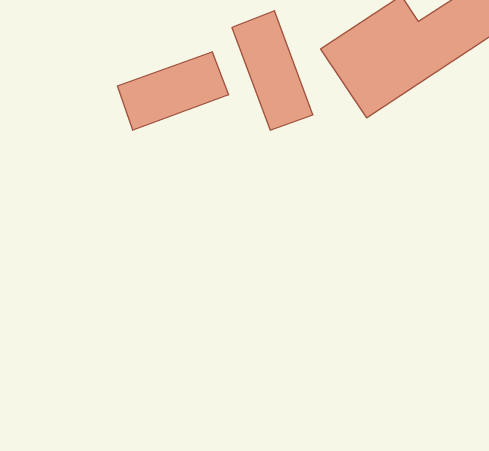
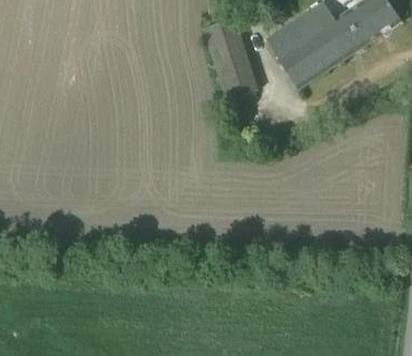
building: [117,52,228,130] -> none

